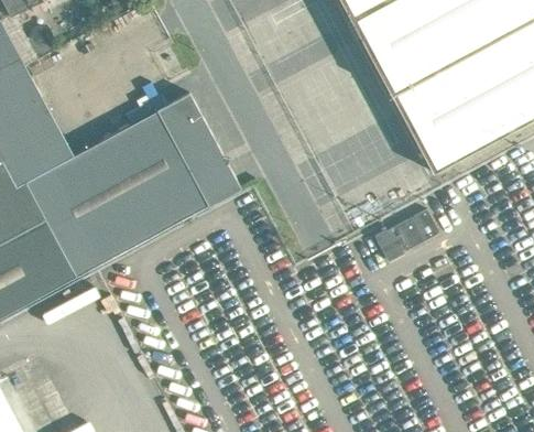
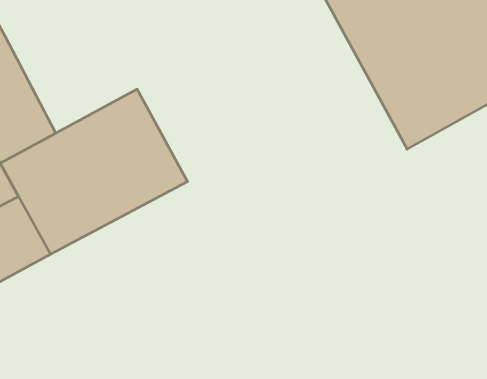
building: [156,91,241,205] -> none
building: [377,208,439,259] -> none

